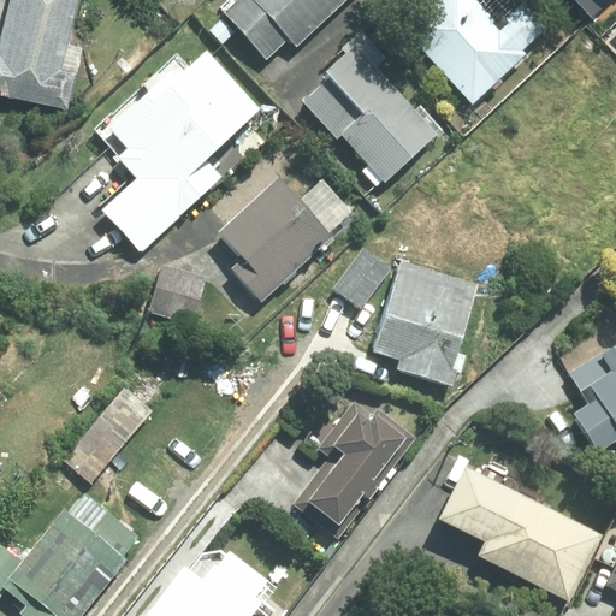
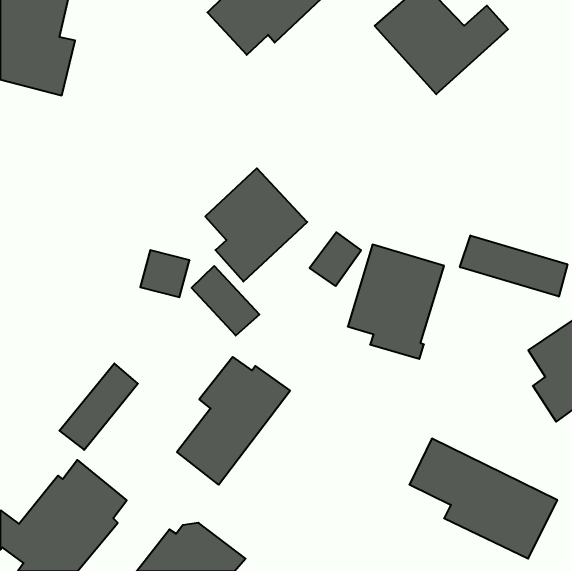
building: [306,48,433,179] -> none
building: [105,52,256,249] -> none
building: none -> [460,235,567,297]
building: none -> [192,266,259,336]
building: [294,402,415,539] -> [177,357,290,485]

